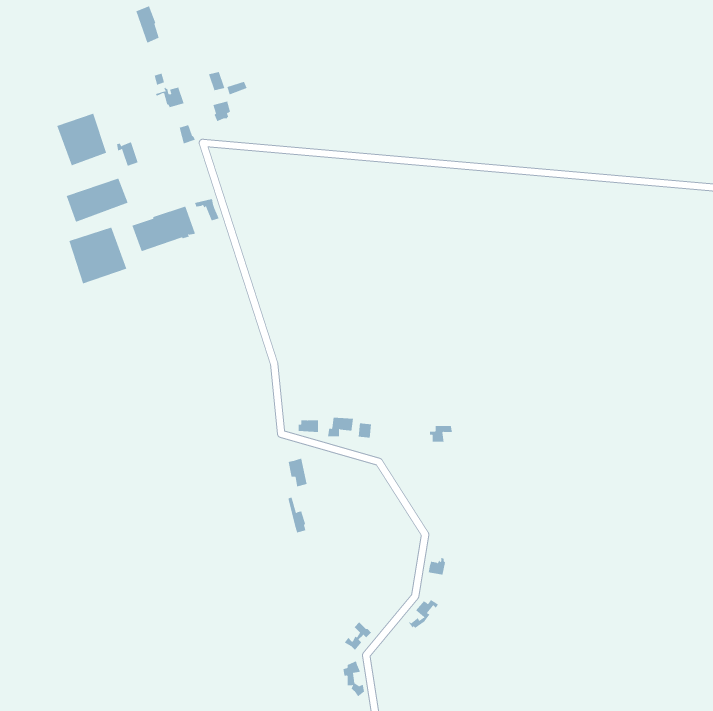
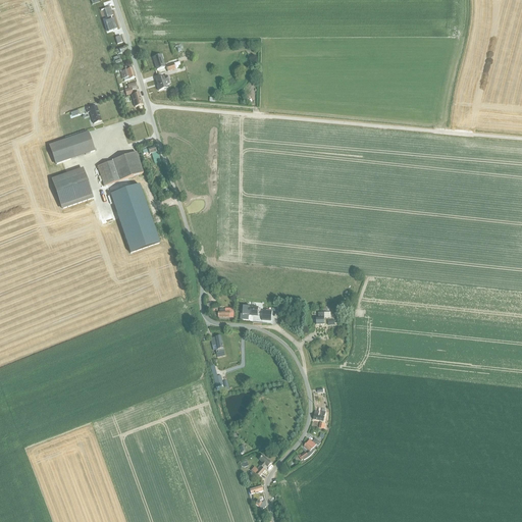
building: [57,113,107,166] -> none
building: none -> [109,181,159,250]

